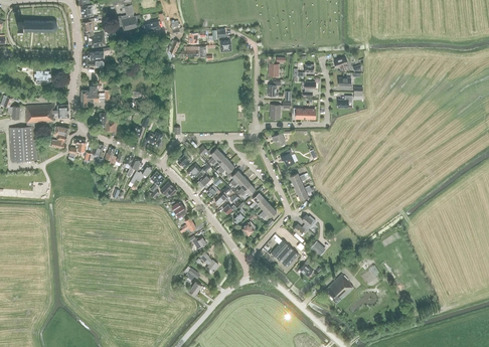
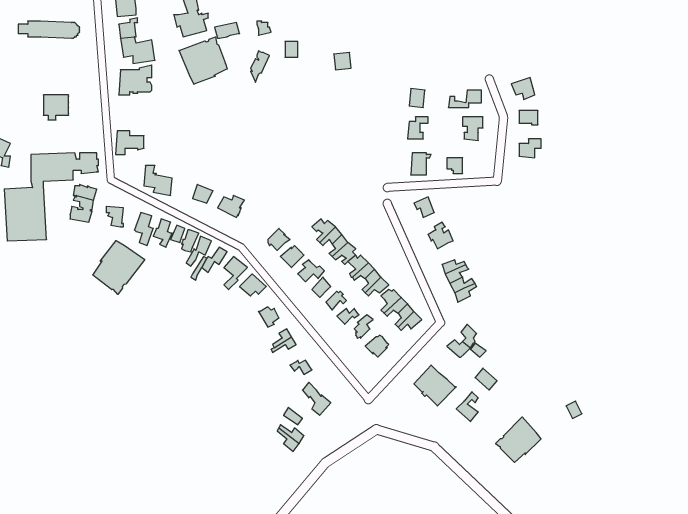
building: none -> [179,37,227,84]
building: none -> [93,241,145,294]

